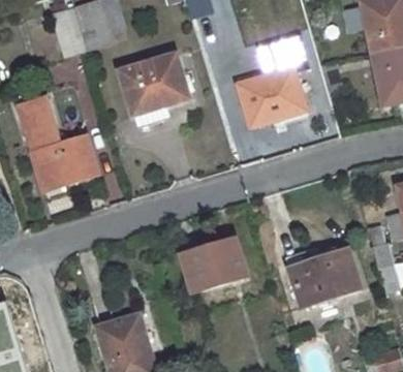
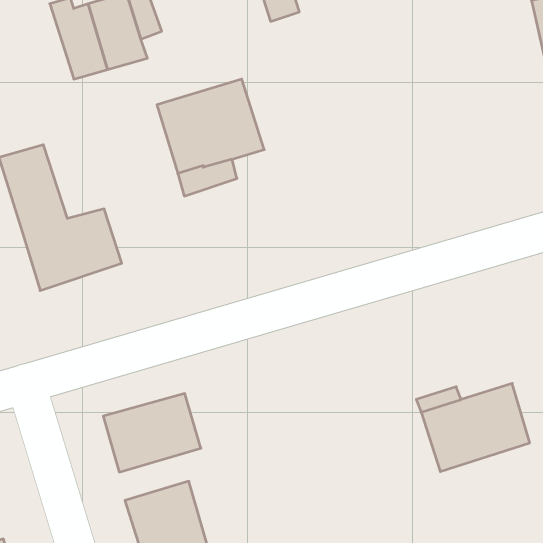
building: [236,62,305,128] -> none
building: [183,241,246,291] -> [103,394,201,472]

